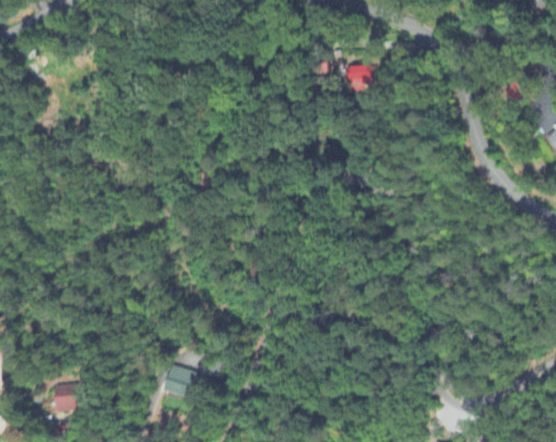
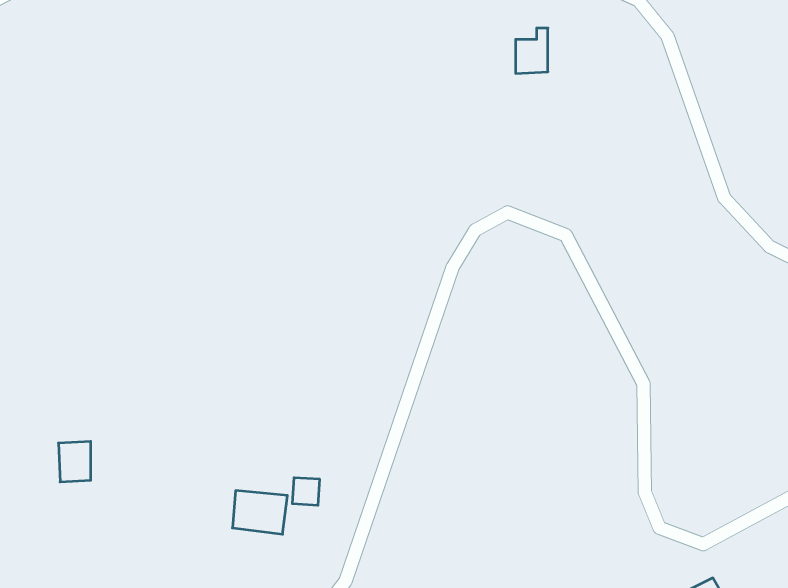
building: [57,385,79,412] -> [58,441,91,482]

